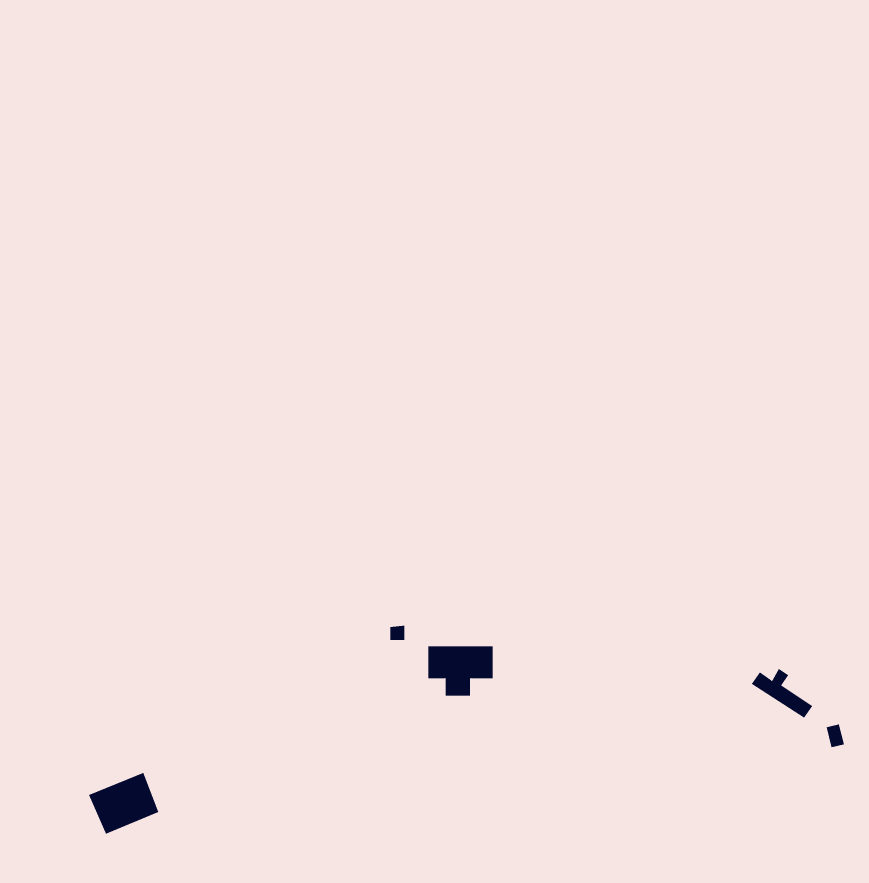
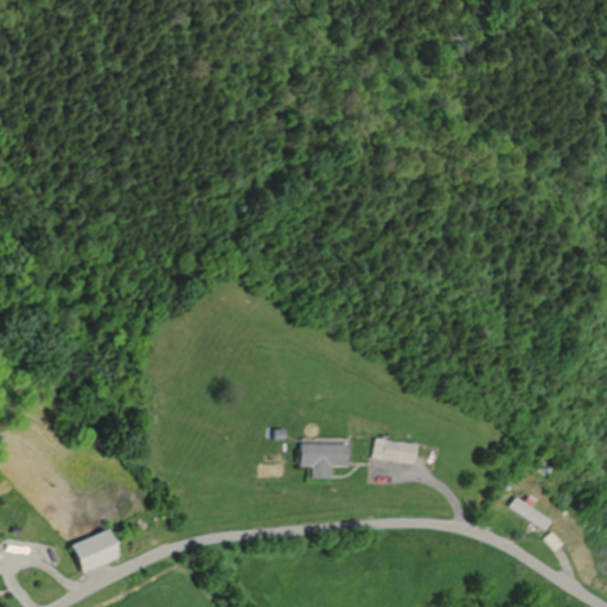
building: none -> [372,434,416,462]
building: [751,668,813,718] -> [511,494,554,529]

